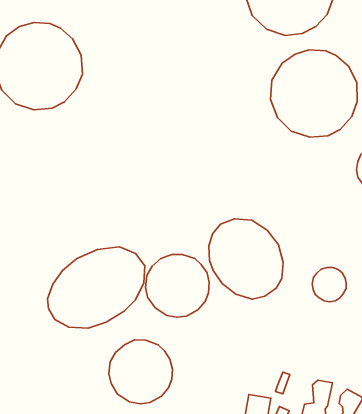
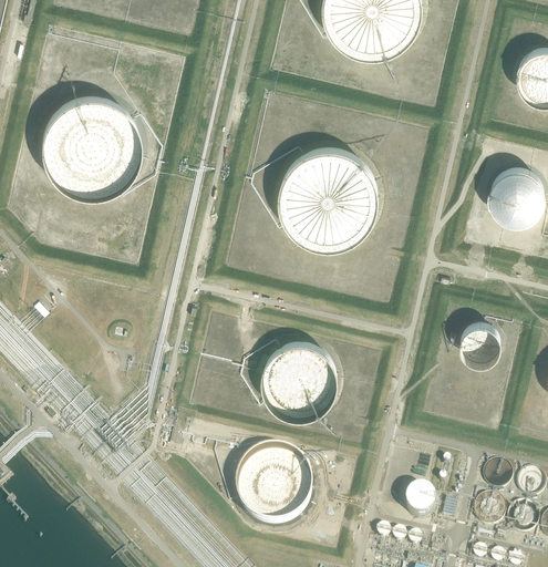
building: [270,50,357,137] -> [278,143,383,248]
building: [209,219,283,299] -> none
building: [48,247,145,328] -> none

